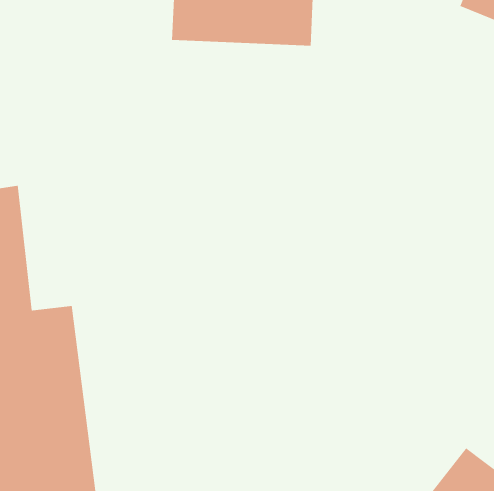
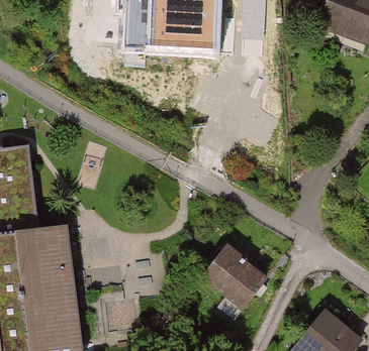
building: none -> [196,244,270,315]

